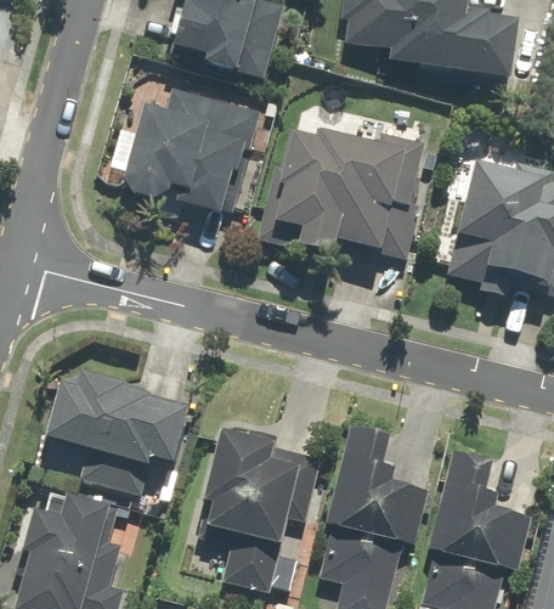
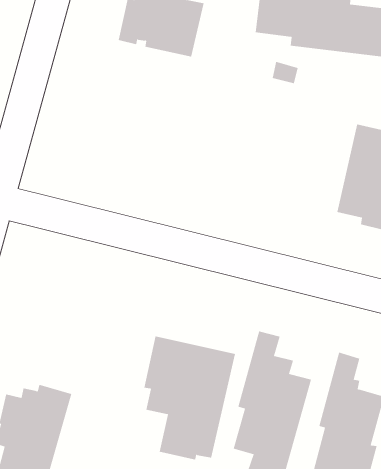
building: [123,86,261,213] -> none
building: [259,128,425,253] -> none
building: [46,365,192,494] -> none

